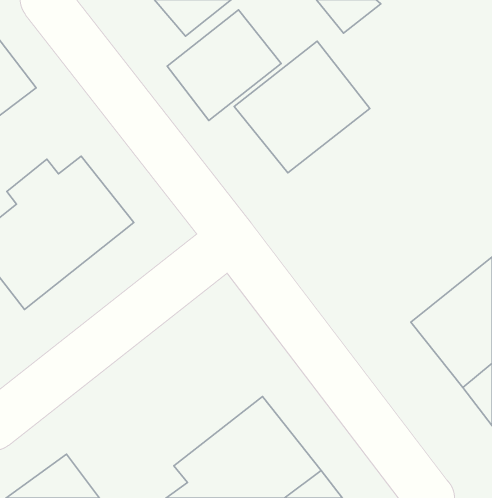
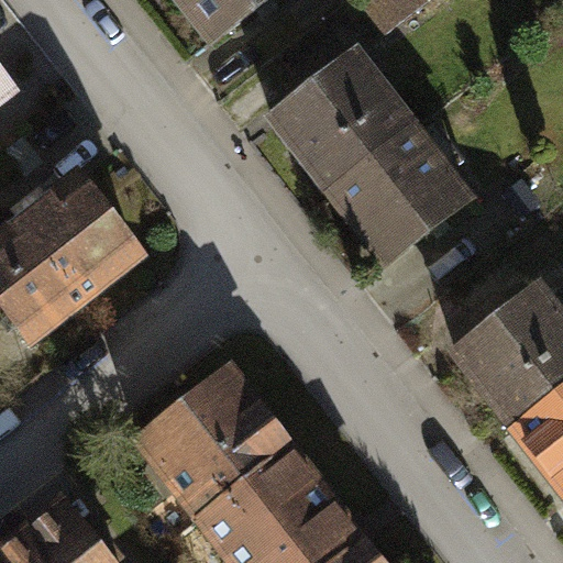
building: [167,10,281,121] -> none
building: none -> [324,122,476,269]
building: none -> [130,363,296,525]

